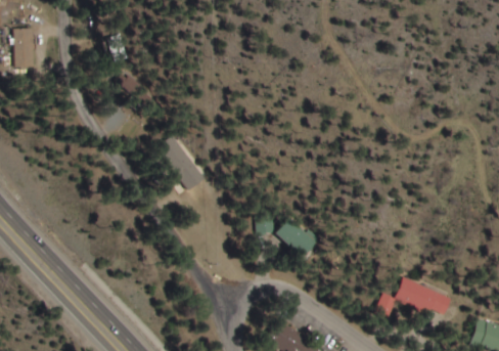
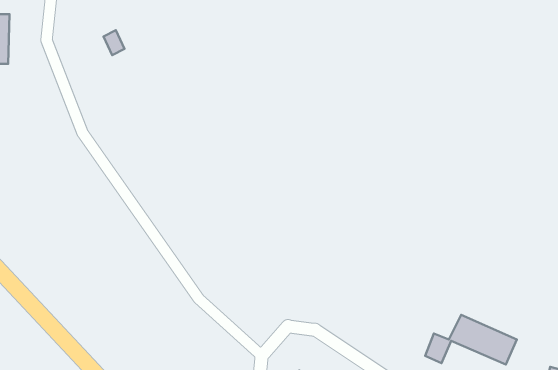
building: [275,215,317,257] -> none

